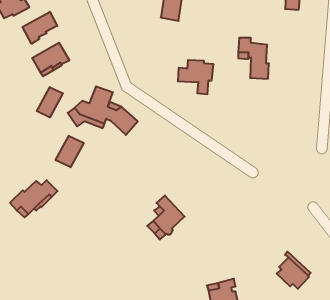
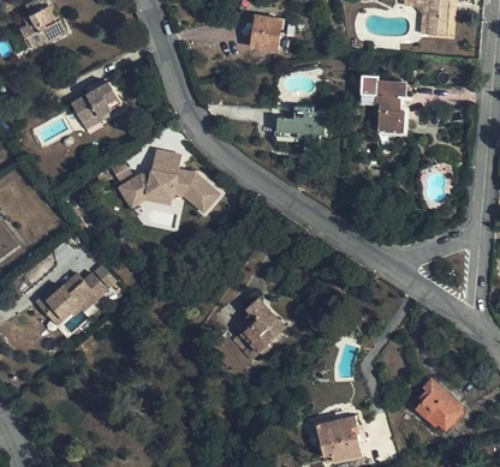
building: [23,12,57,44] -> none
building: [37,87,63,117] -> none
building: [56,136,84,167] -> none

